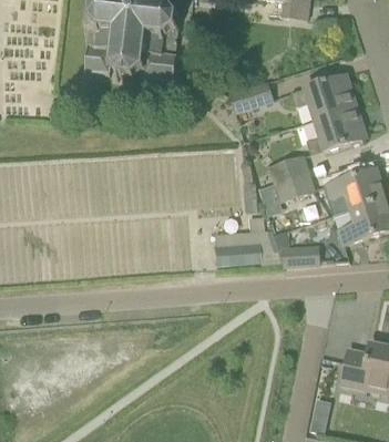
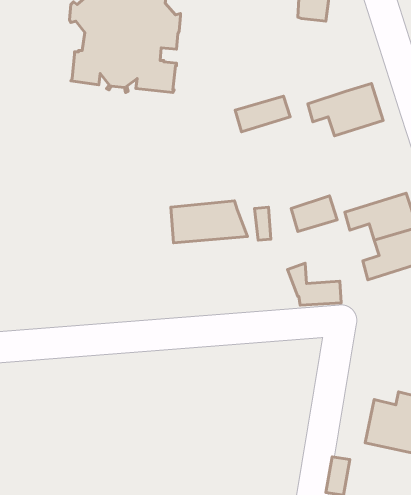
building: [305,105,366,155] -> none
building: [270,154,309,182] -> none
building: [215,227,281,264] -> [171,201,247,243]

